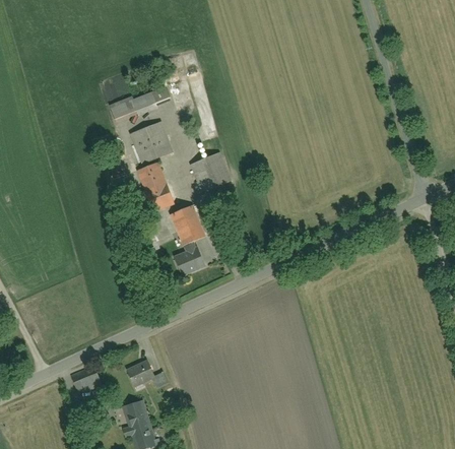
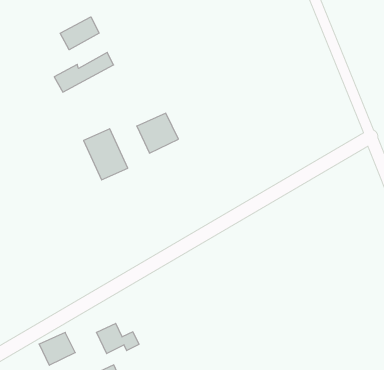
building: none -> [60,17,99,50]
building: [131,123,171,159] -> none
building: [169,203,207,273] -> none

